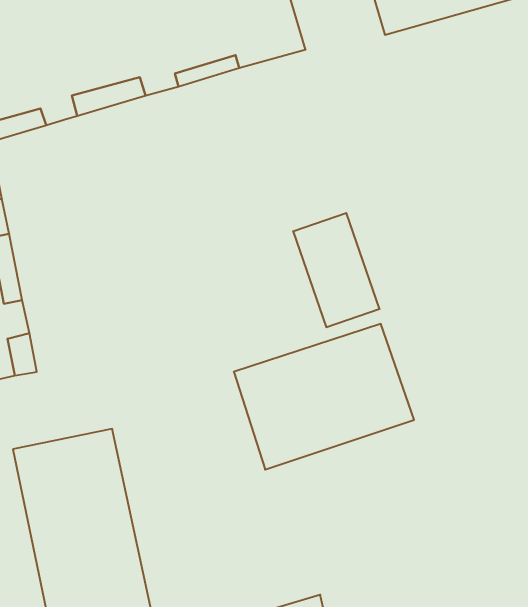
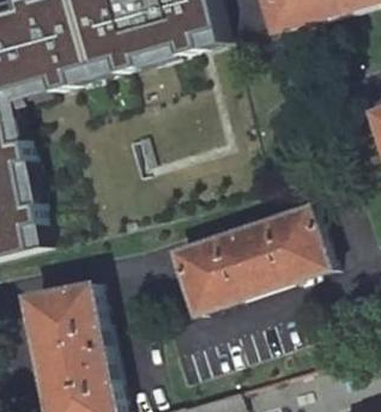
building: [293,213,380,327] -> [268,207,325,281]

